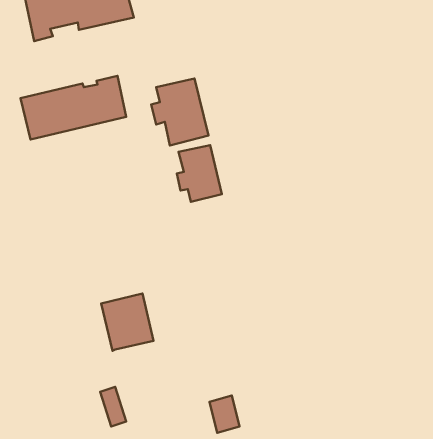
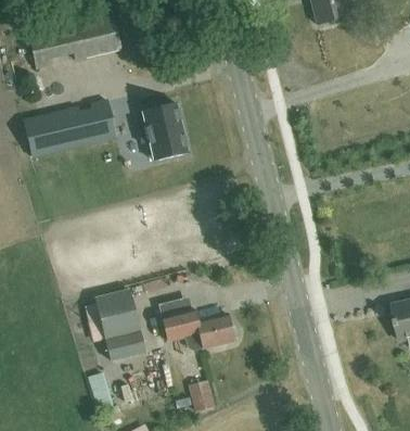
building: [177,145,222,202] -> none
building: none -> [158,301,234,350]
building: none -> [105,331,144,362]

